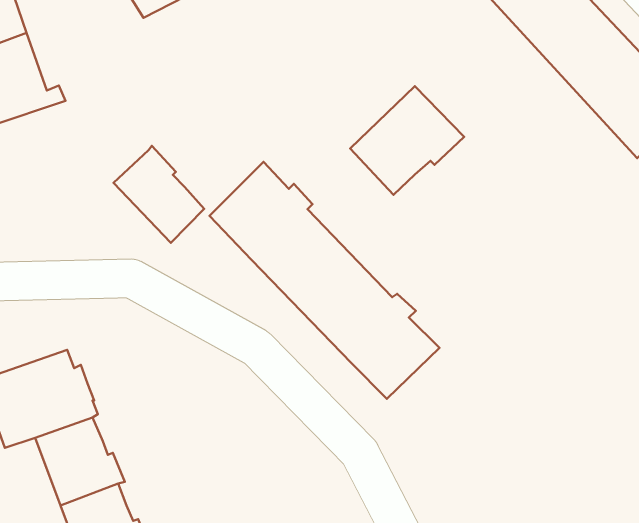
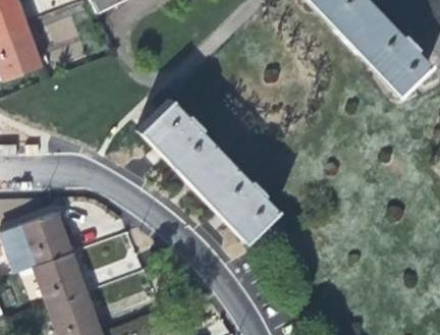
building: [350,86,464,195] -> none
building: [114,146,204,243] -> none

